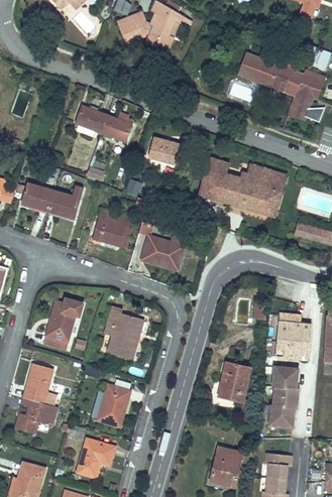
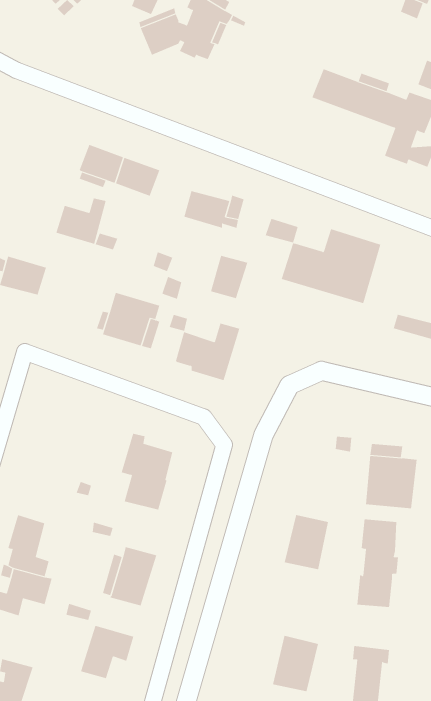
building: [198,169,224,200] -> [210,255,248,299]
building: [47,187,83,219] -> [55,198,106,244]
building: [43,299,82,351] -> none

